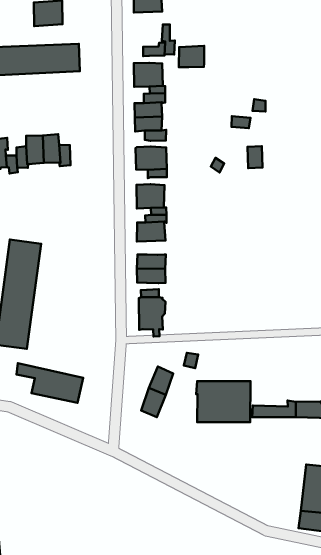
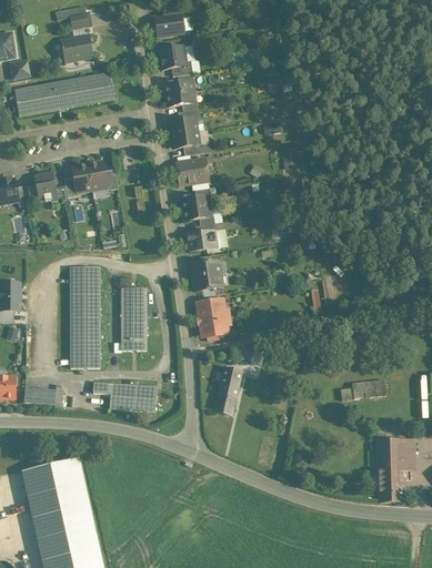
building: [179,46,204,67] -> [160,44,185,68]
building: none -> [121,286,158,348]
building: [196,381,251,422] -> none

